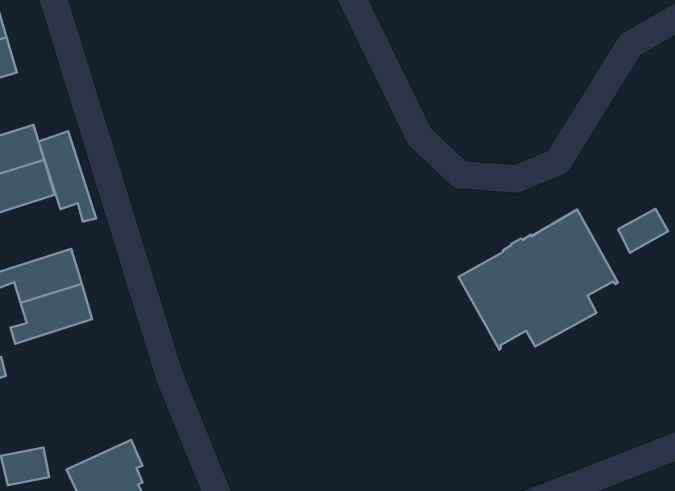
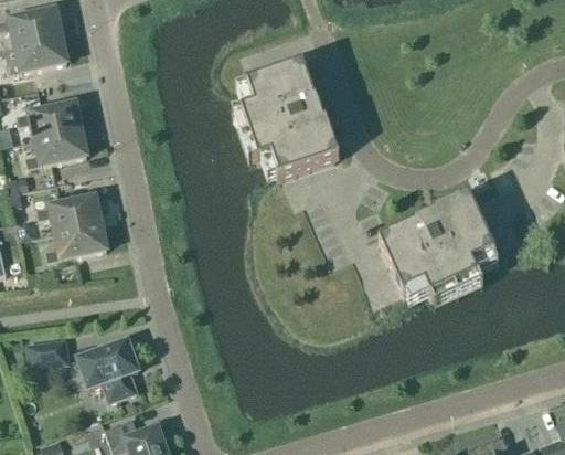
building: none -> [242,64,337,180]
building: [38,131,96,221] -> none
building: [618,209,668,253] -> none

